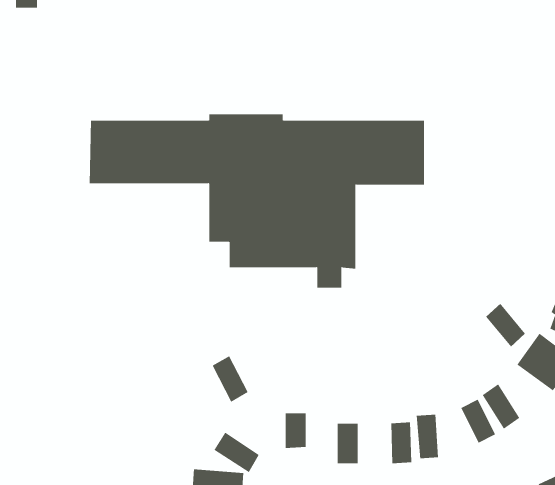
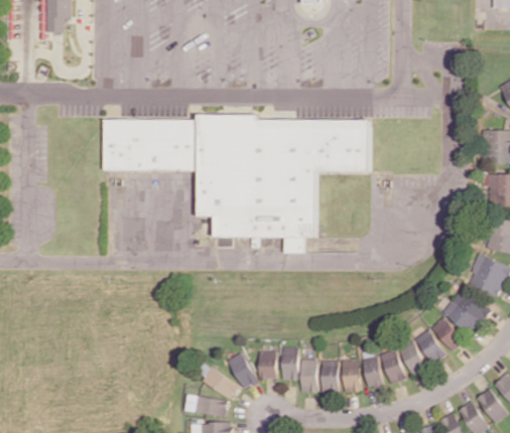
building: [485,303,526,348] -> [431,316,464,351]
building: [212,355,249,402] -> [228,351,257,389]
building: none -> [282,347,298,380]
building: none -> [379,348,406,385]
building: none -> [322,360,339,392]

